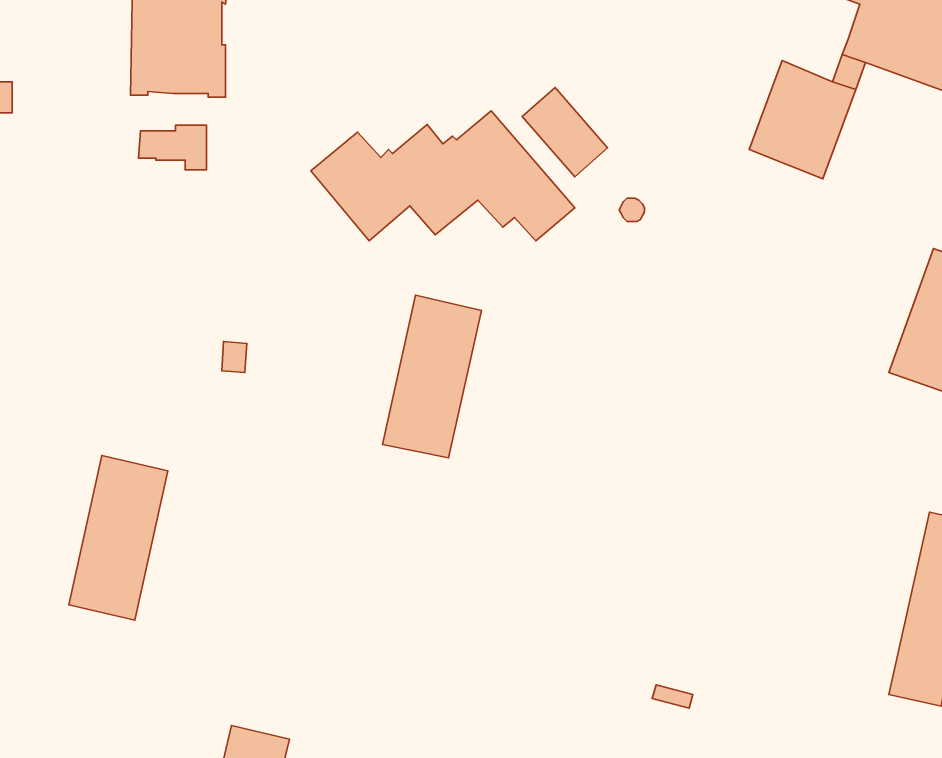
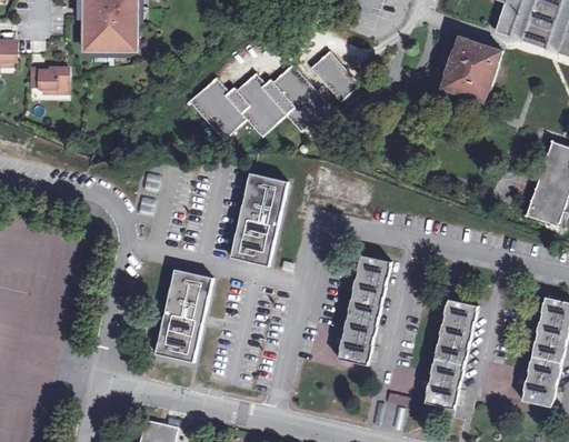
building: [139,125,206,170] -> [31,72,70,98]
building: none -> [337,253,390,363]
building: [69,455,168,620] -> [154,265,211,360]
building: none -> [425,297,477,408]

